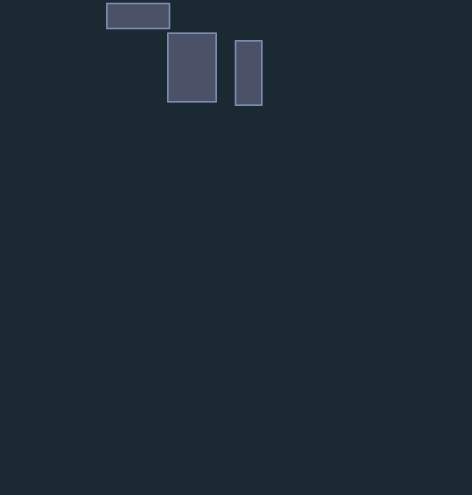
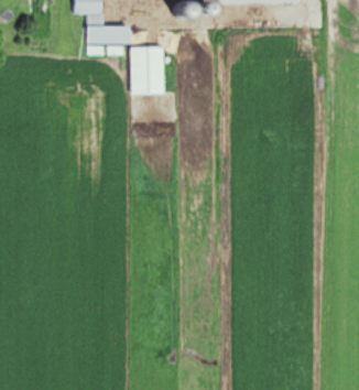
building: [236,41,262,105] -> none

